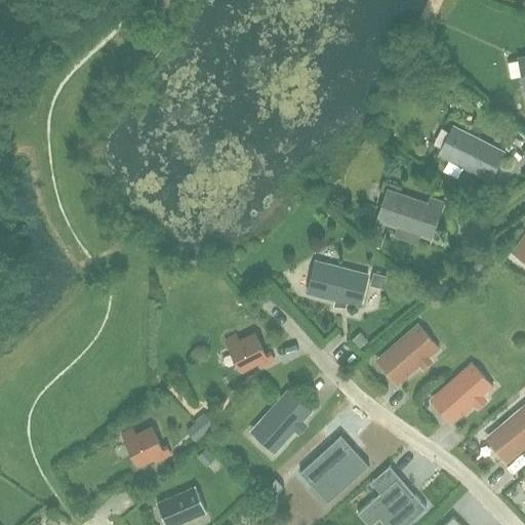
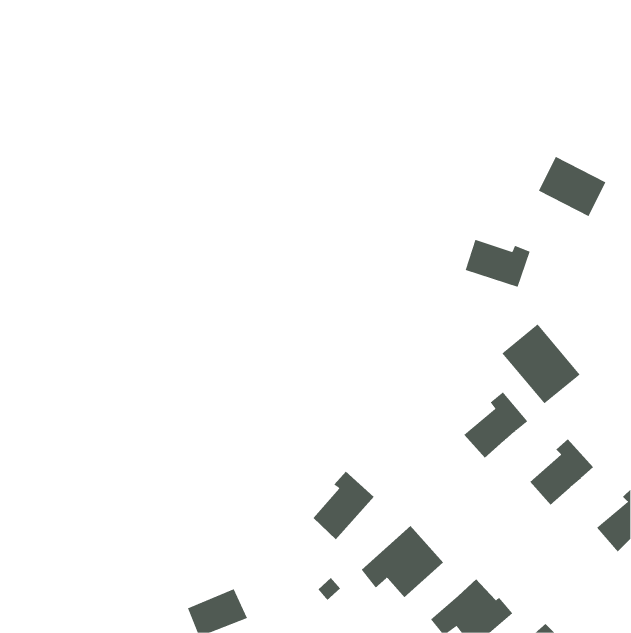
building: none -> [502,324,580,404]
building: [313,269,366,306] -> none
building: [224,334,272,371] -> none
building: [120,428,168,465] -> none

